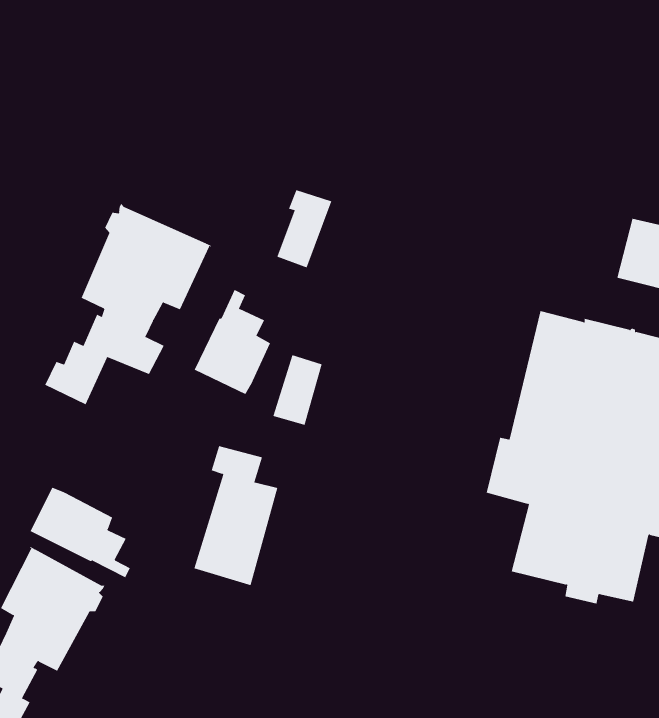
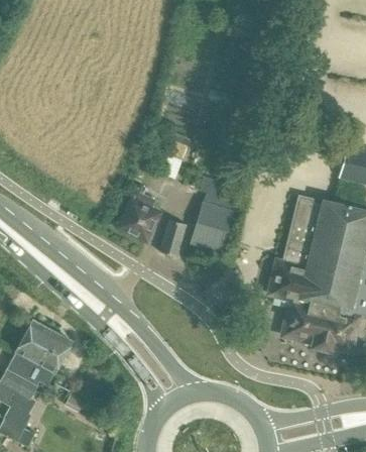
building: [44,203,211,405] -> none
building: [194,446,278,586] -> [191,177,235,250]
building: [30,487,130,578] -> none

